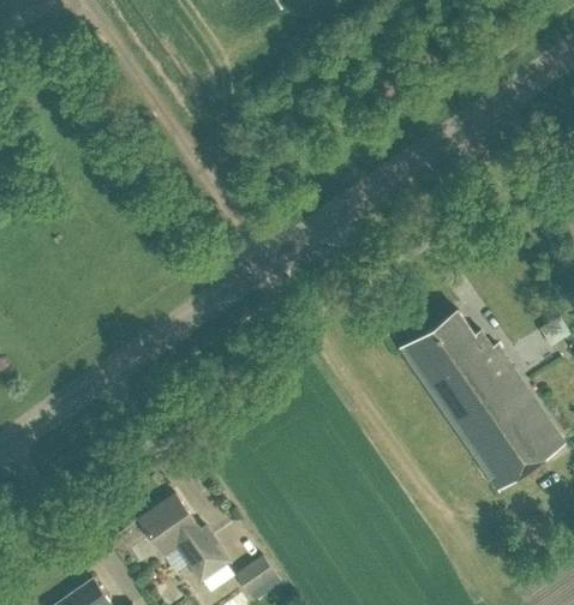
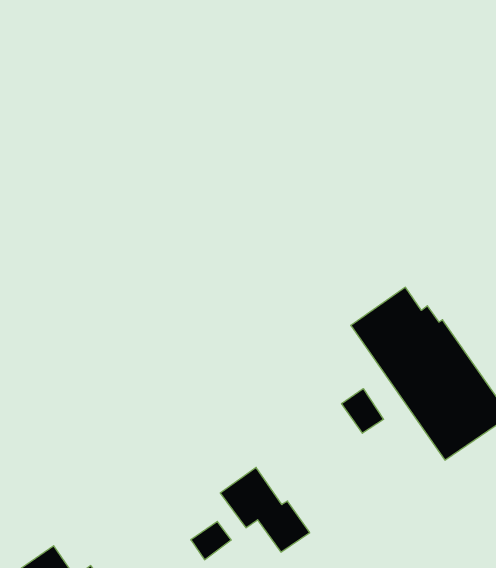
building: none -> [342,389,384,433]
building: [138,493,231,581] -> [220,467,310,552]

